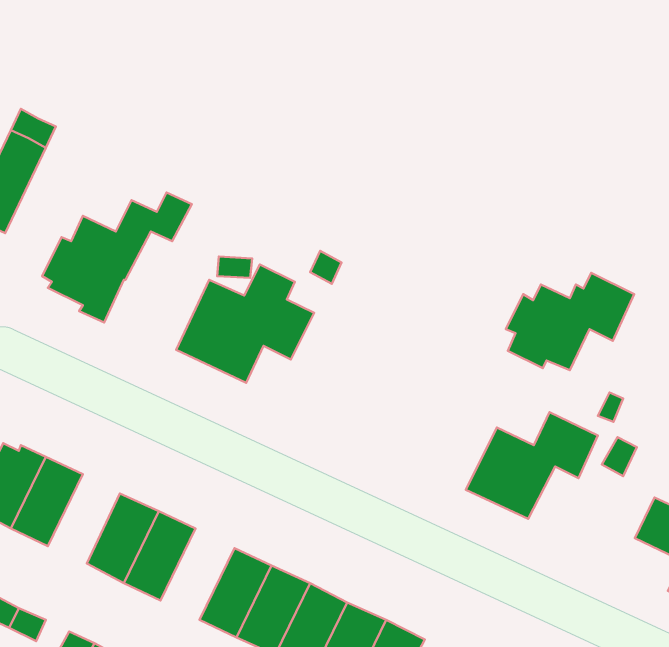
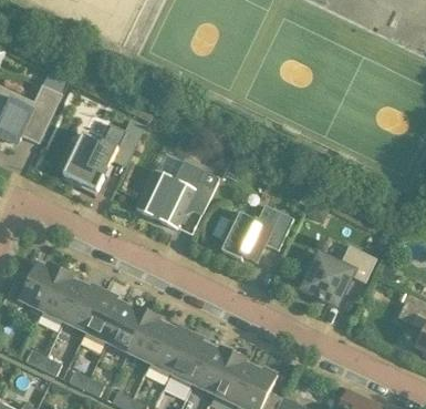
building: [506,273,634,370] -> [219,206,292,262]
building: none -> [62,280,103,331]
building: none -> [126,311,168,364]

